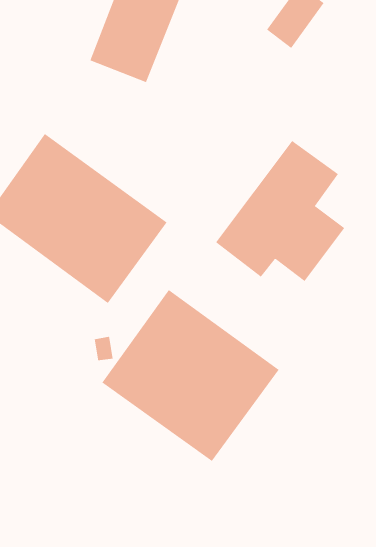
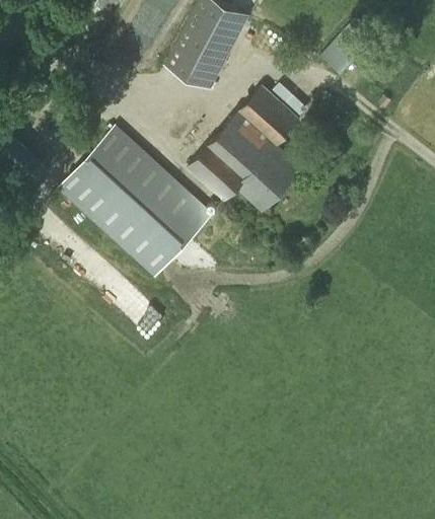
building: [215,140,345,282] -> [187,85,301,210]
building: [101,289,279,462] -> none

